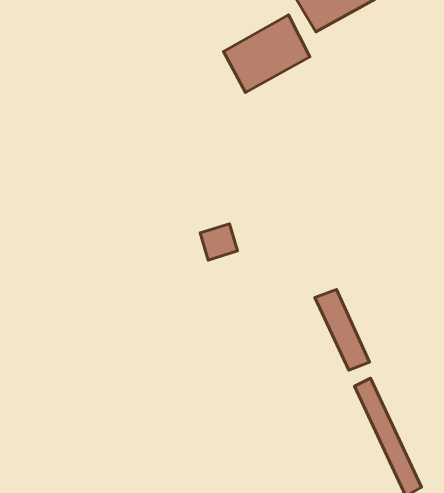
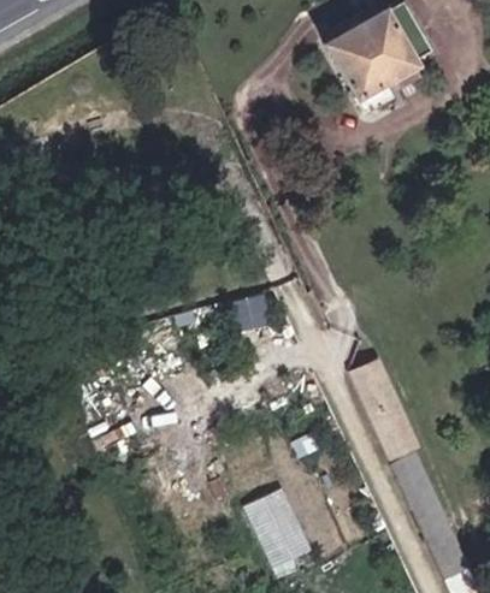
building: [223,15,310,93] -> none
building: none -> [248,488,313,574]

